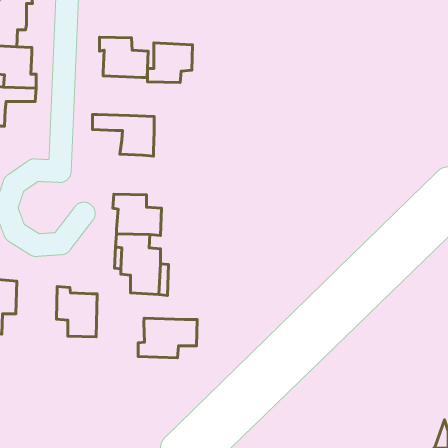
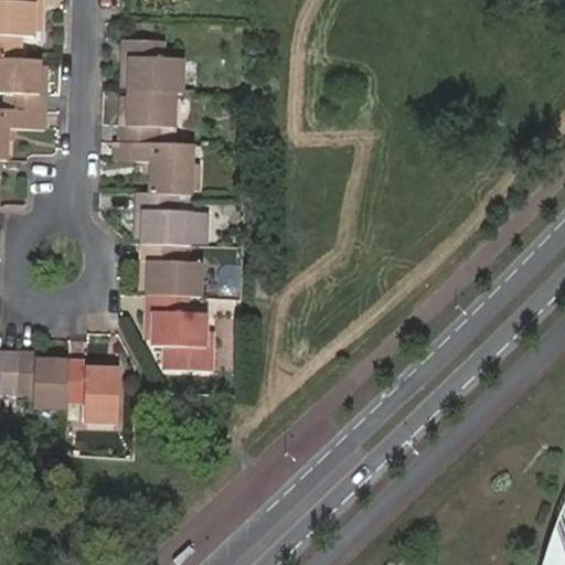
building: [148,43,193,83] -> [121,95,178,145]
building: none -> [137,193,190,245]
building: none -> [20,352,72,407]
building: [138,318,197,358] -> none

